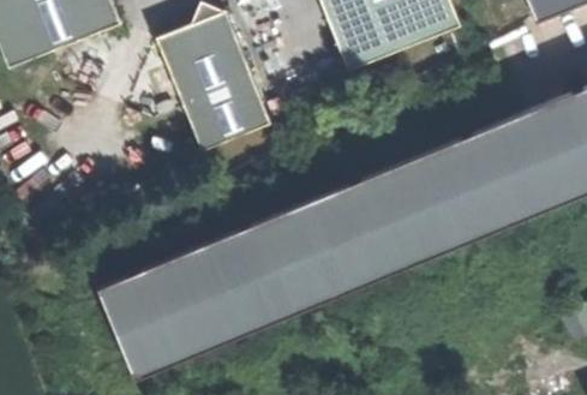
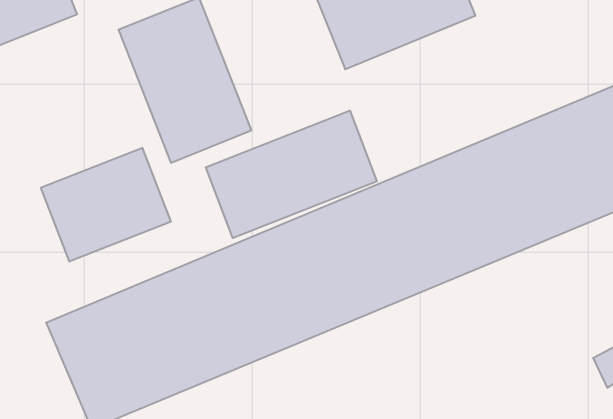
building: none -> [206,111,377,238]
building: none -> [41,148,171,262]

